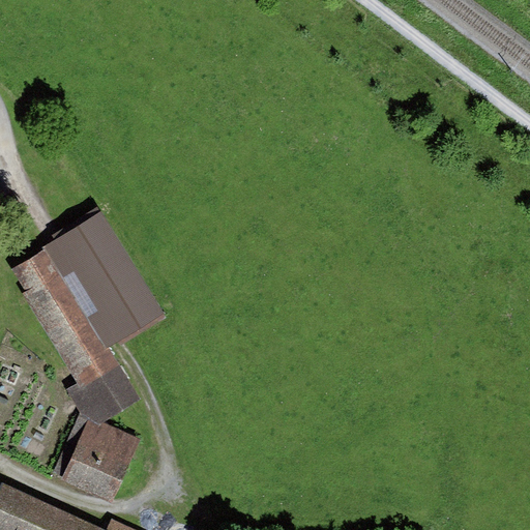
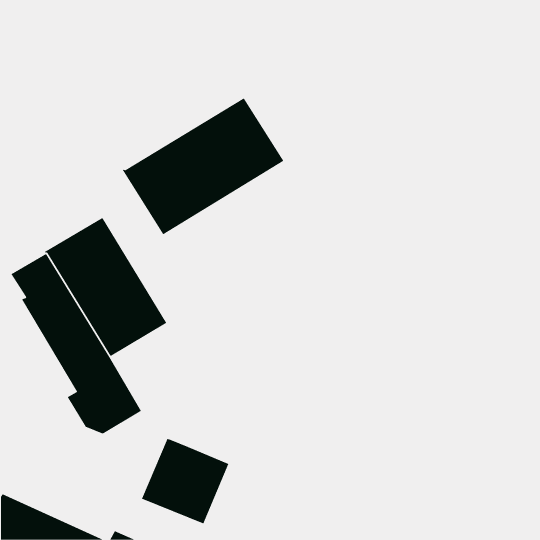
building: none -> [121,97,284,235]
building: [55,416,141,500] -> [141,438,229,524]

